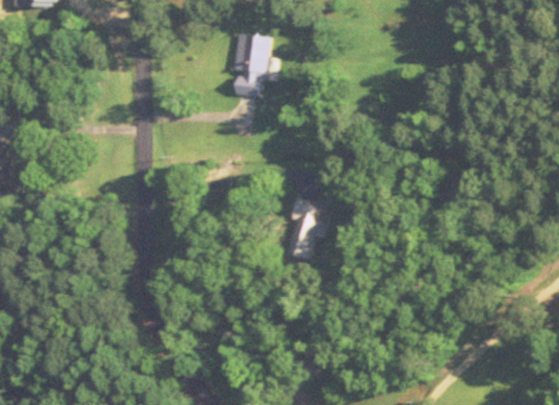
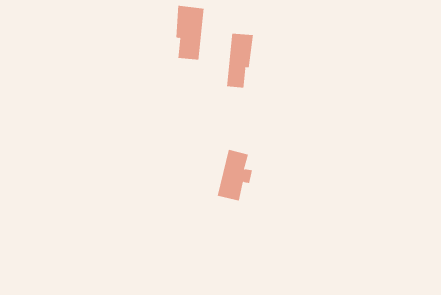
building: none -> [227,33,253,89]

